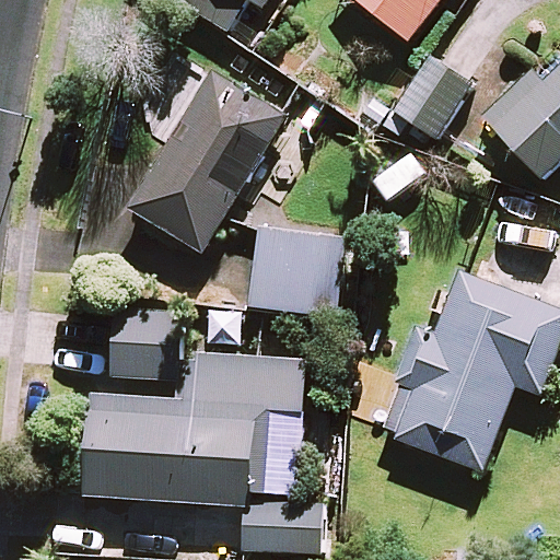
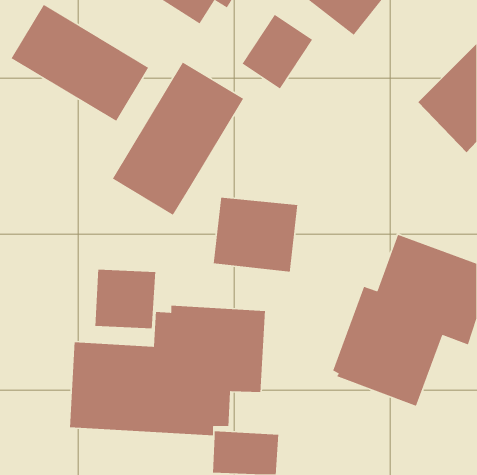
building: none -> [11,4,149,122]
building: [393,52,476,140] -> [241,14,313,90]

